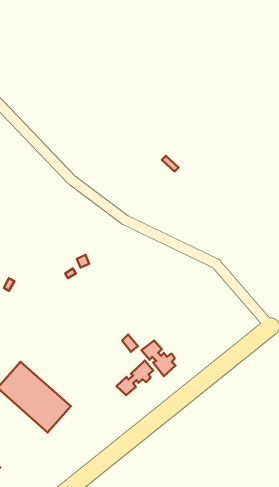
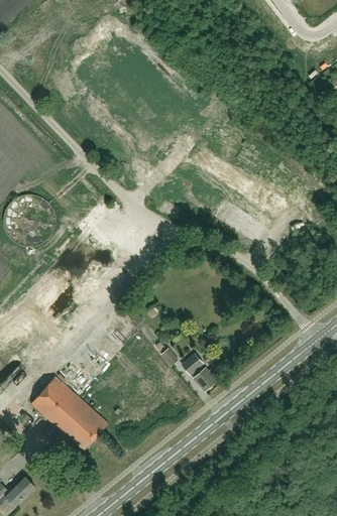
building: [116,361,153,395] -> none

